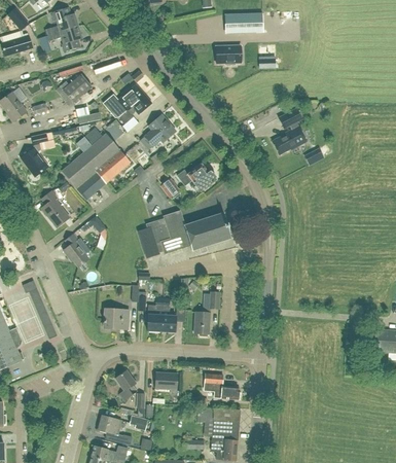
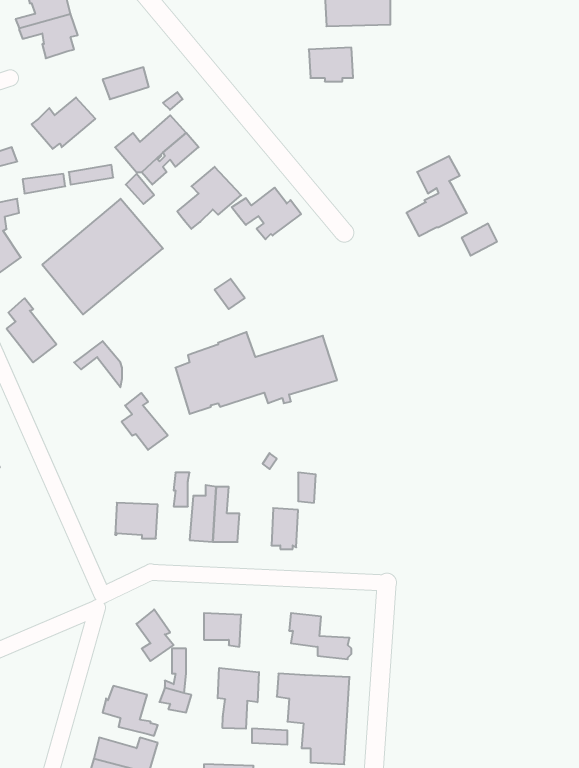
building: [177,164,217,193] -> [232,188,301,239]
building: [63,234,89,266] -> [122,393,168,450]
building: none -> [218,668,259,729]

